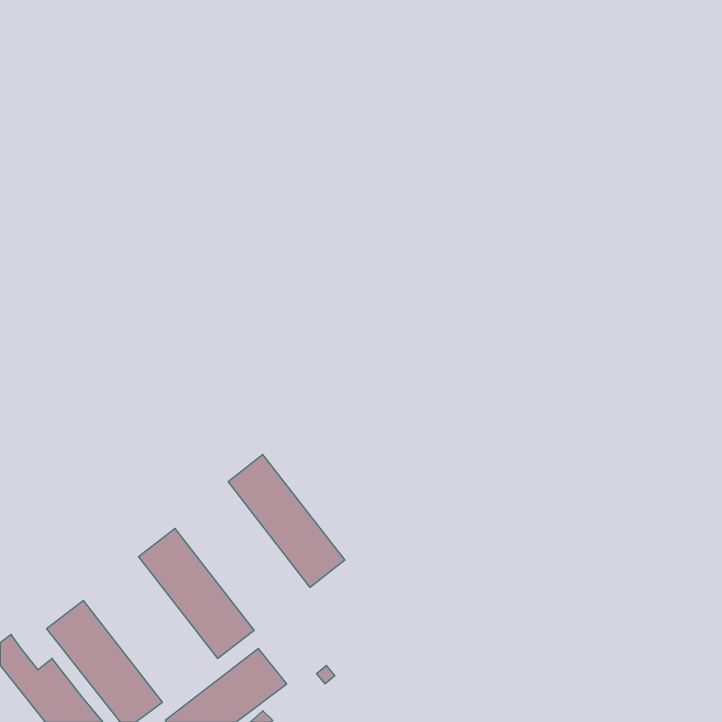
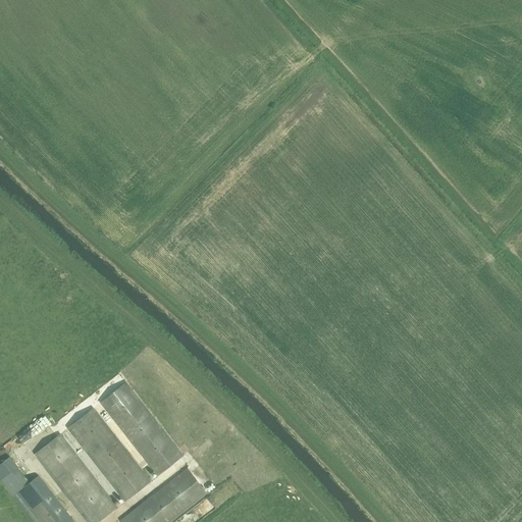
building: [228,454,345,587] -> none
building: none -> [67,408,151,502]

